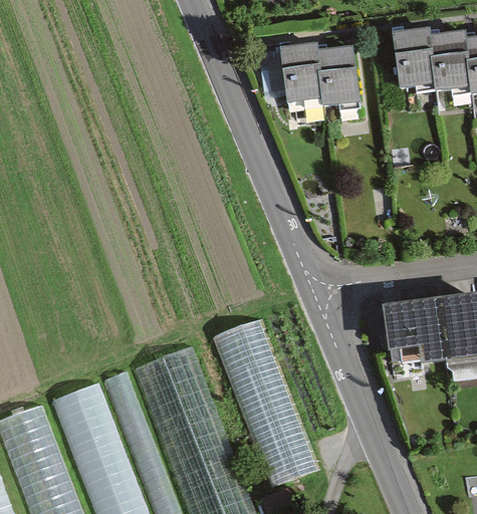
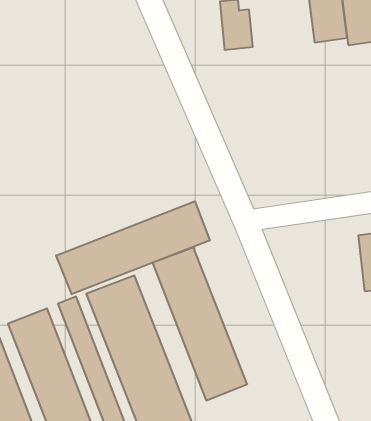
building: [318,51,354,103] -> none
building: none -> [56,201,210,294]
building: [383,303,446,368] -> none

